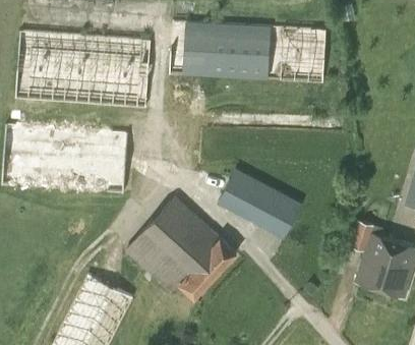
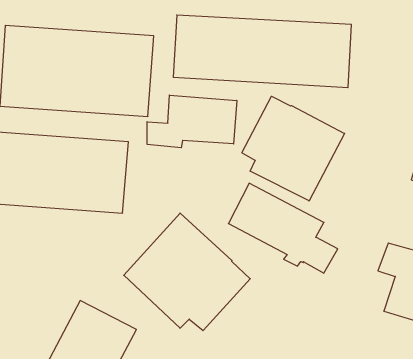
building: none -> [147,95,237,148]
building: none -> [242,96,345,201]

